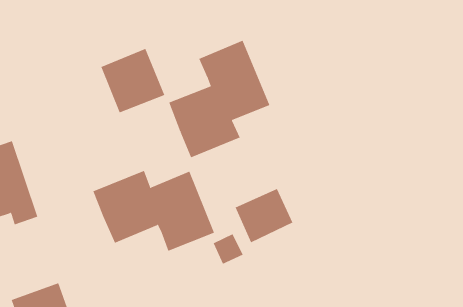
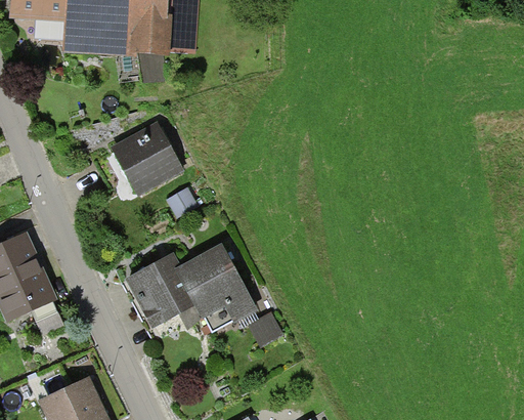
building: [169,40,270,158] -> none
building: [235,188,293,243] -> none

